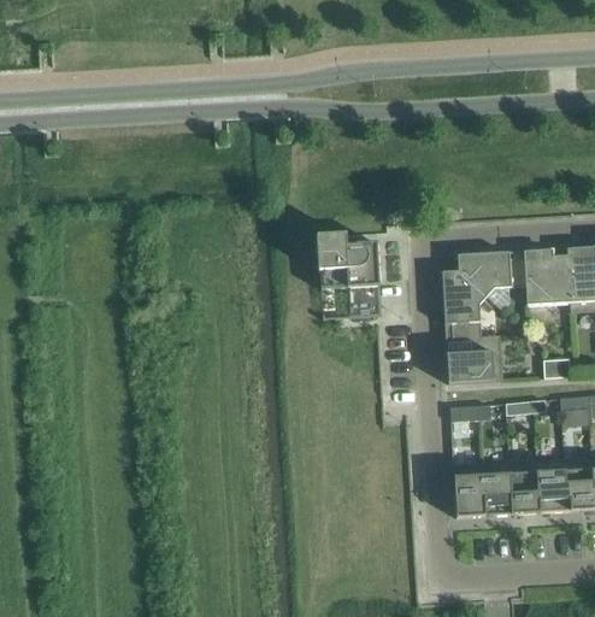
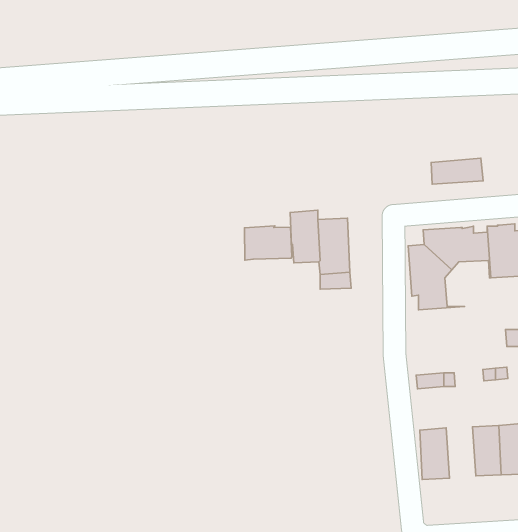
building: none -> [431,158,483,184]
building: none -> [244,226,292,260]
building: [446,335,502,383] -> none
building: [481,462,512,516] -> none

